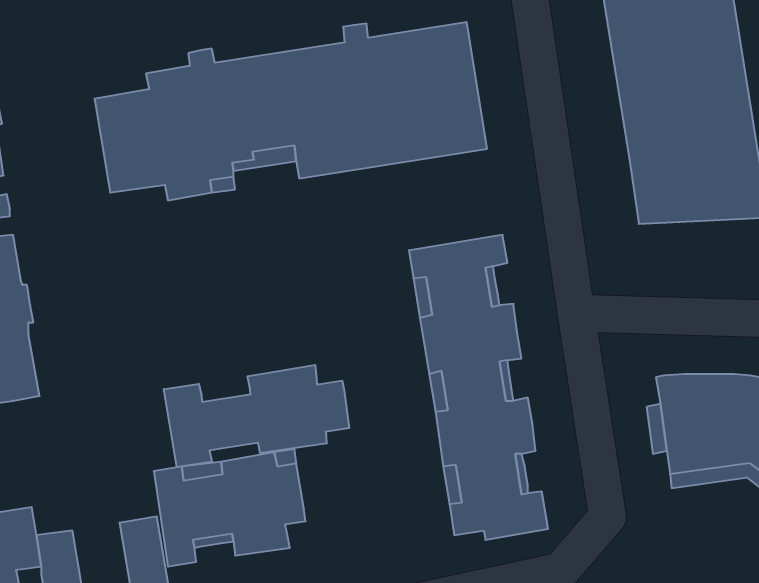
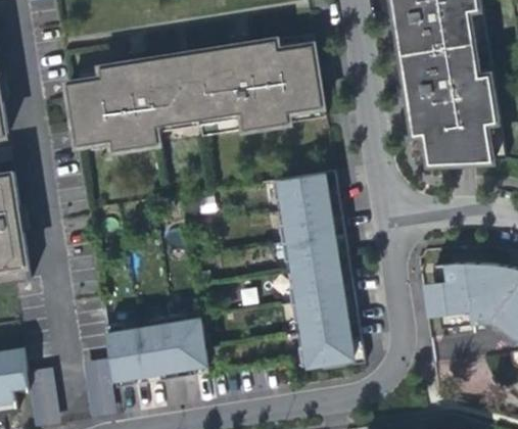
building: [164,365,349,467] -> none

